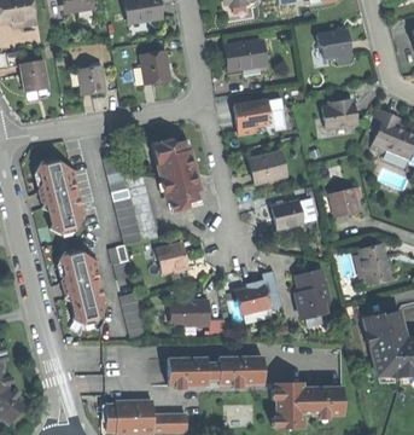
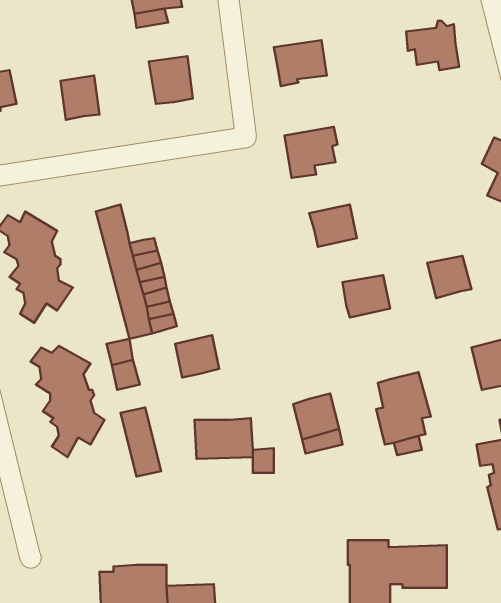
building: [322,99,357,128] -> none
building: [157,139,199,211] -> none
building: [168,356,262,385] -> none

